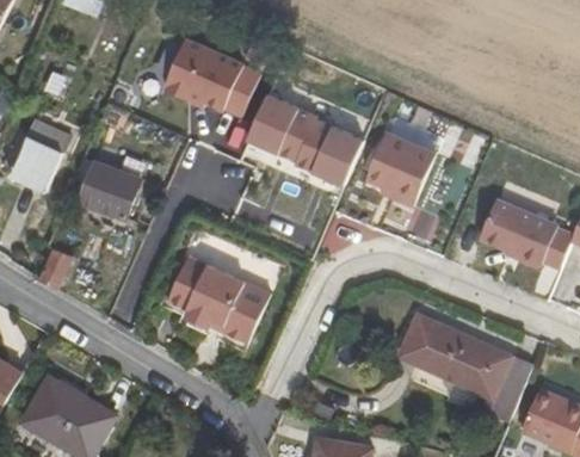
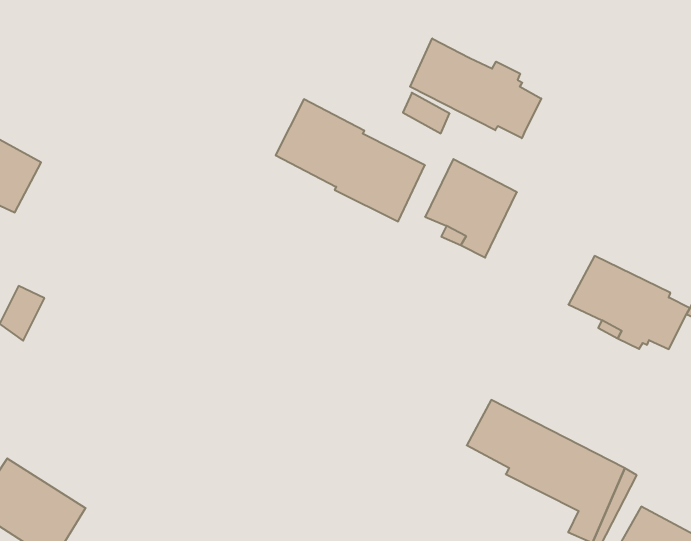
building: [166,41,260,117] -> none
building: none -> [410,38,541,138]
building: [69,158,142,220] -> none
building: [166,255,269,338] -> none

